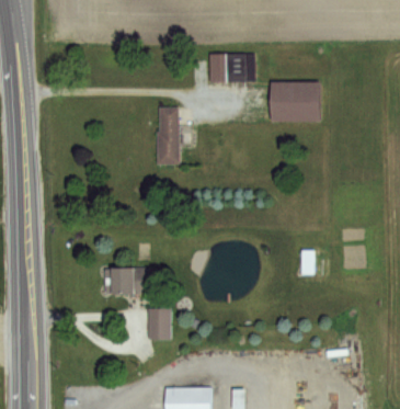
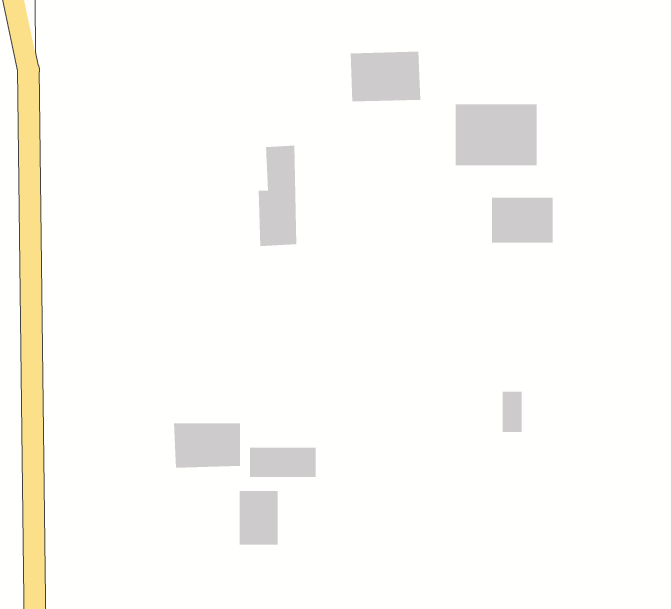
building: none -> [492,197,553,244]
building: none -> [250,447,316,478]

